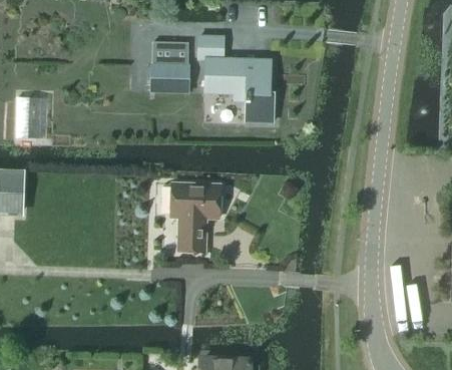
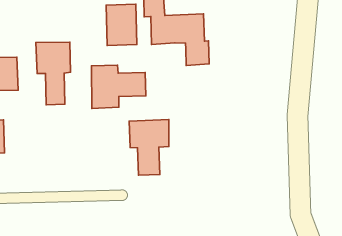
building: none -> [36,42,70,105]
building: none -> [91,65,146,109]

